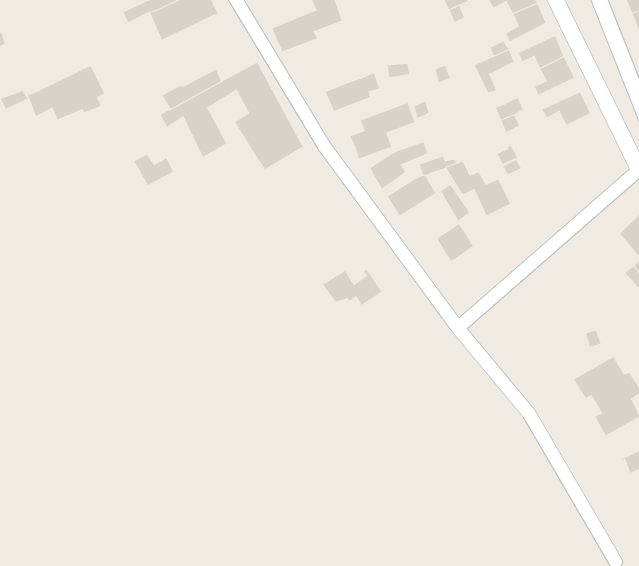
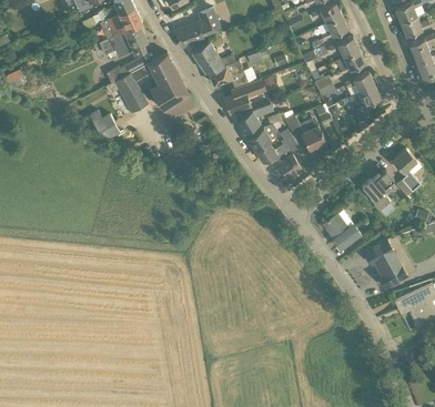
building: none -> [191,40,231,72]
building: [27,65,105,120] -> [98,23,146,58]
building: none -> [348,84,380,120]
building: none -> [361,170,393,211]
building: [322,268,383,306] -> [254,139,292,162]
building: none -> [323,213,360,248]

